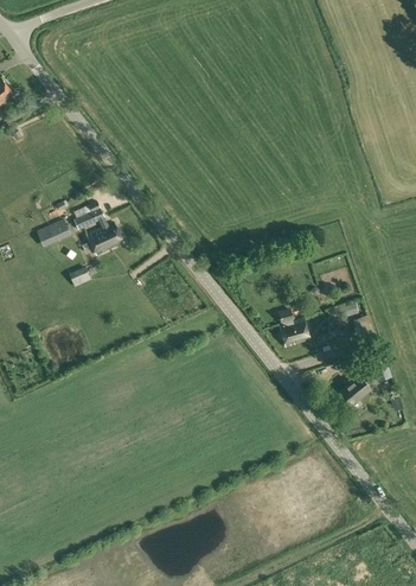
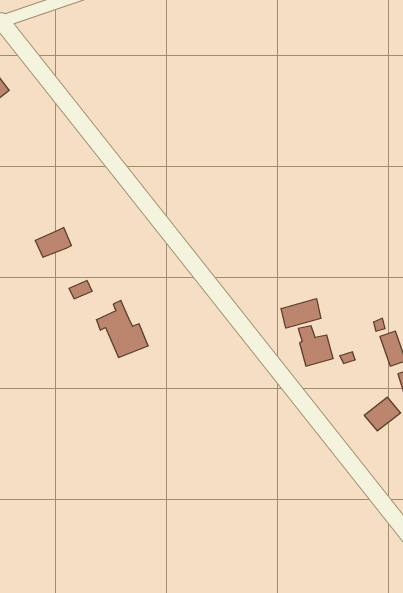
building: [75,202,122,254] -> [96,300,148,357]
building: none -> [281,299,321,328]

